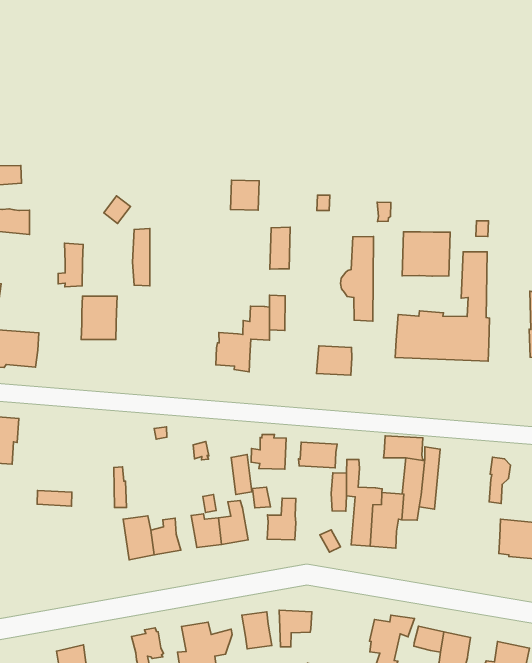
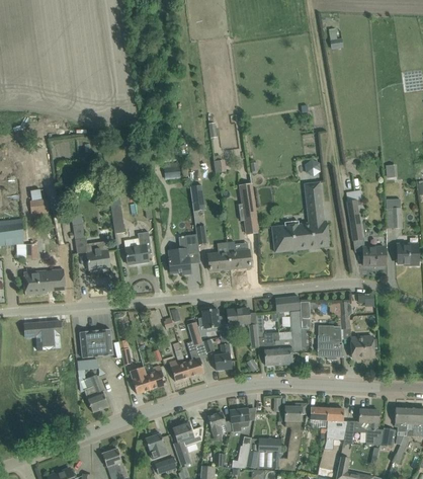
building: [402,232,450,276] -> none
building: none -> [124,232,152,264]
building: none -> [208,243,230,271]
building: none -> [79,329,112,357]
building: none -> [317,326,342,360]
building: none -> [84,375,108,412]

